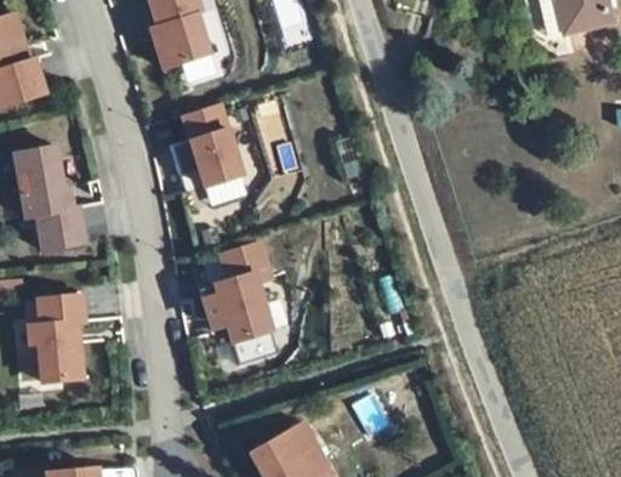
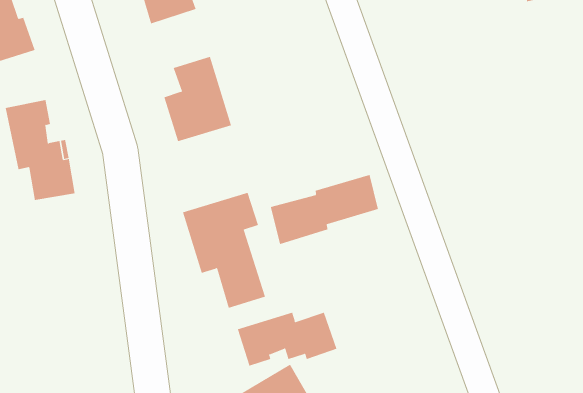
building: none -> [270,174,379,245]
building: [28,293,85,381] -> none
building: none -> [237,312,337,367]

